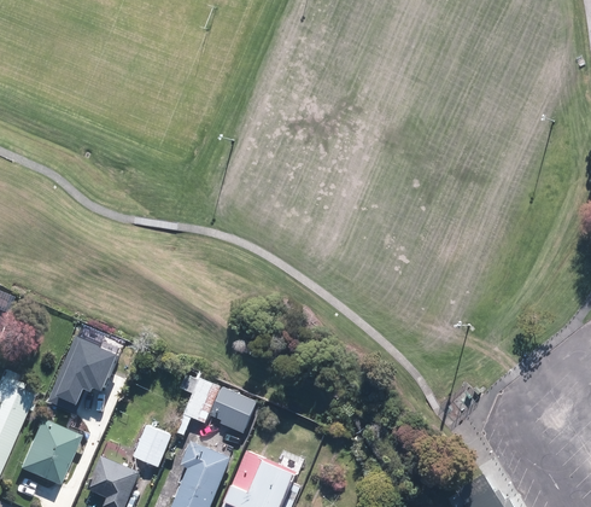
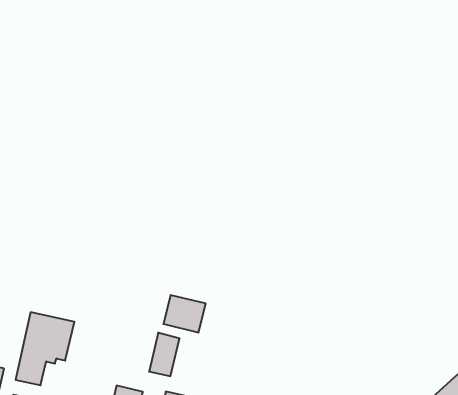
building: [207,389,253,431] -> [163,295,206,332]

